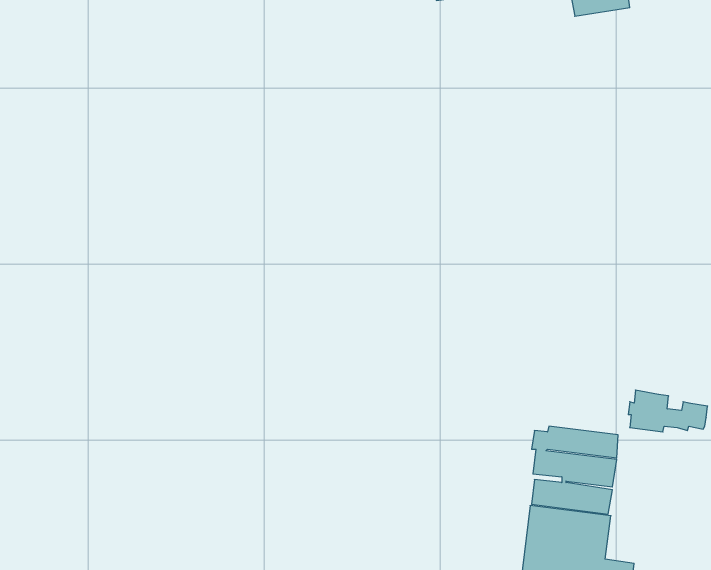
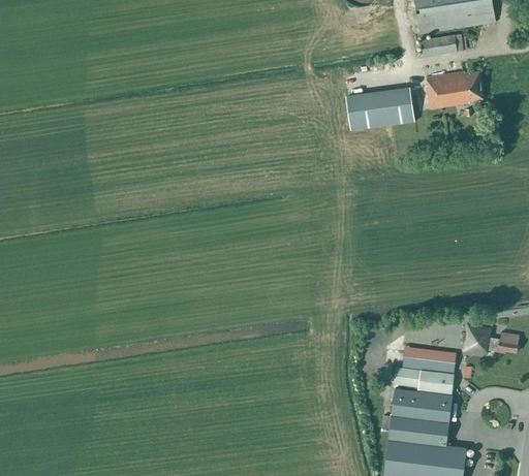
building: none -> [426,71,483,109]
building: none -> [345,87,414,130]

